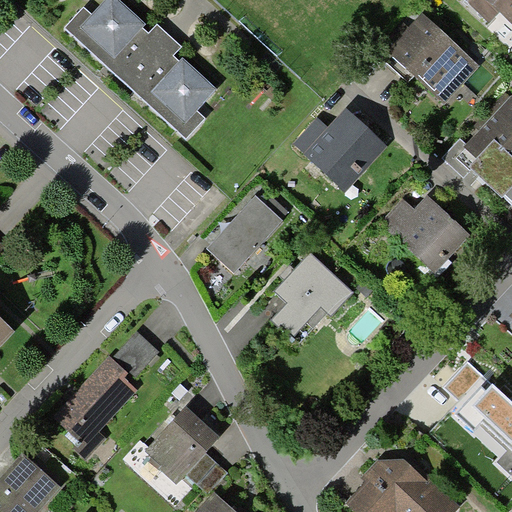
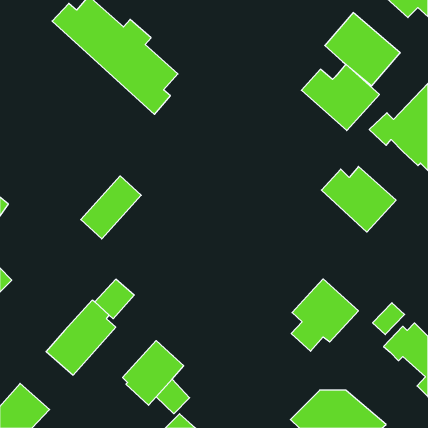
building: [291,111,384,190] -> [301,64,379,131]
building: [208,195,280,270] -> [81,176,141,239]
building: [269,251,349,337] -> [291,279,358,351]

